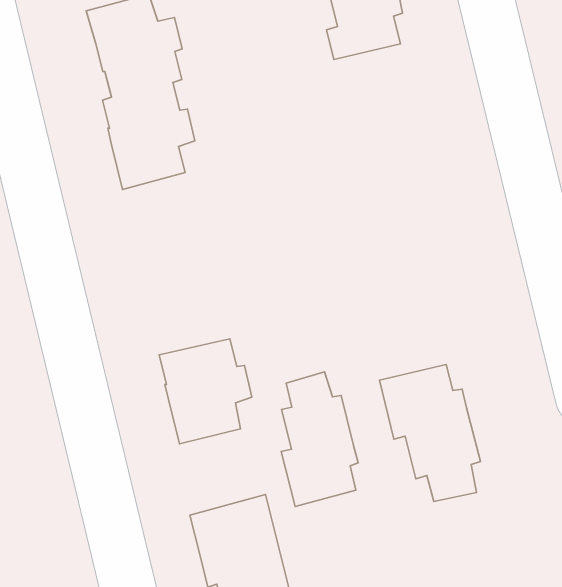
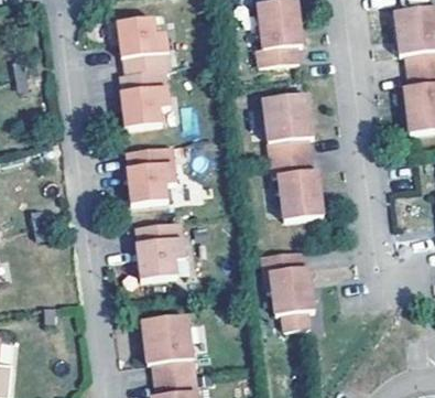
building: none -> [261,95,322,220]
building: none -> [127,146,177,204]
building: [281,372,358,507] -> none

